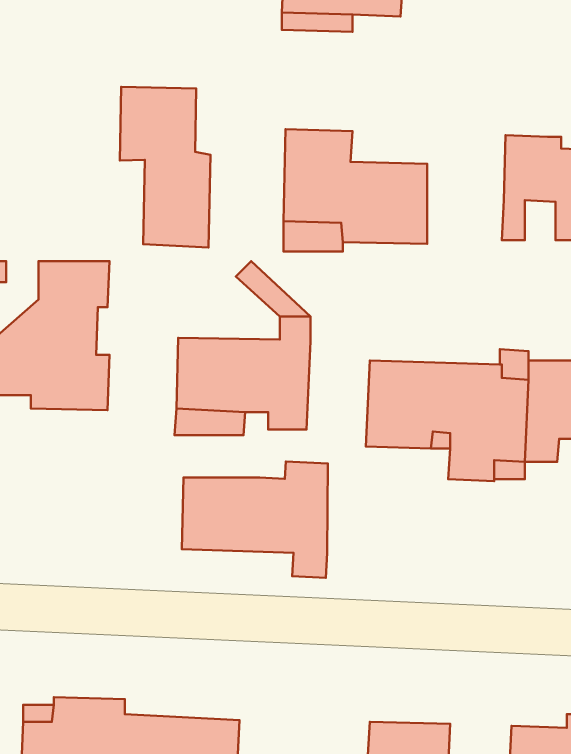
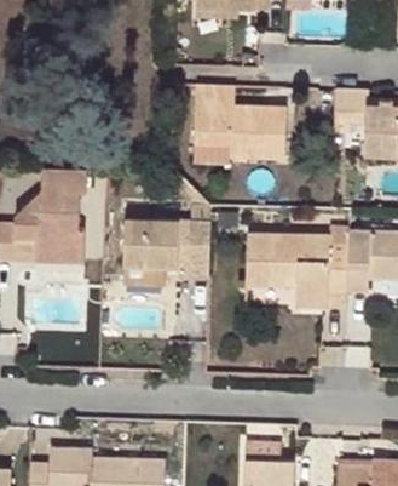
building: [120,87,211,248] -> none
building: [182,461,328,578] -> none

